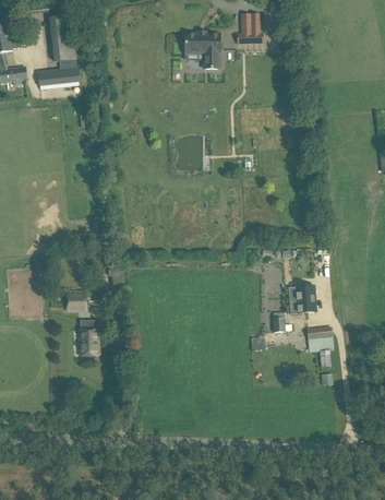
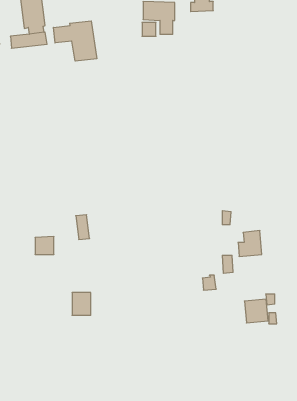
building: none -> [53,21,97,61]
building: [306,325,333,352] -> [244,299,268,323]
building: [77,329,98,354] -> [72,293,91,315]

